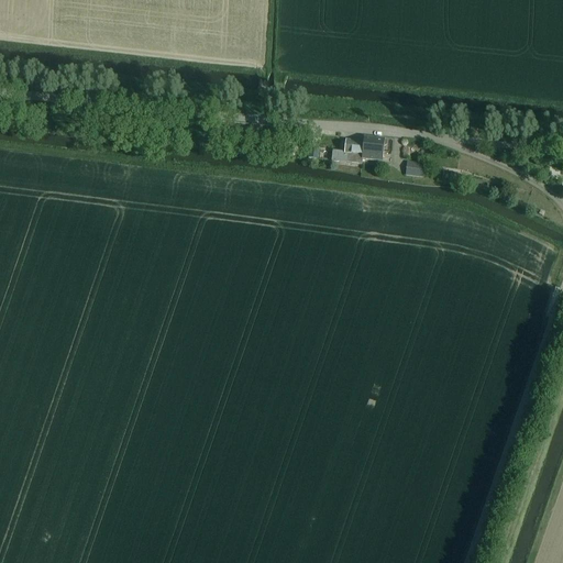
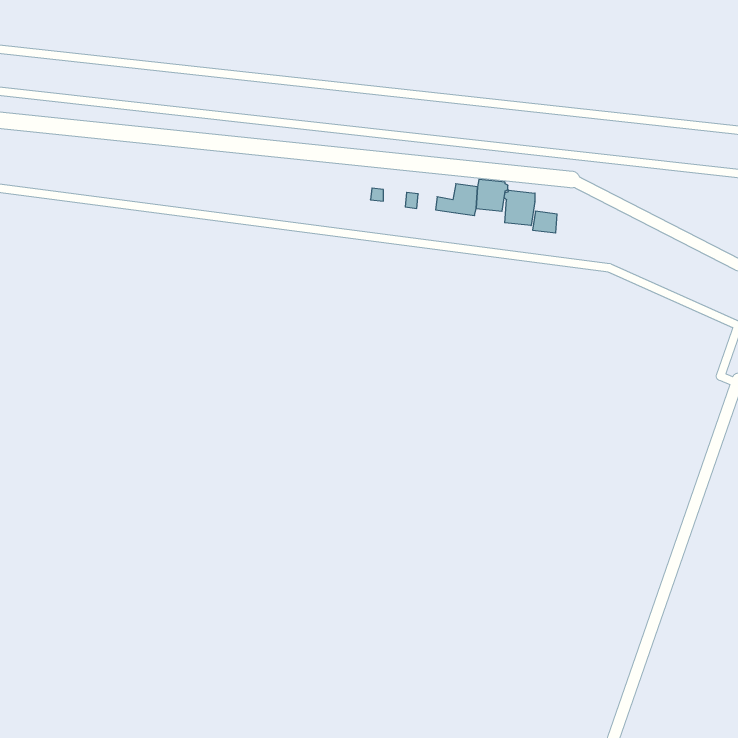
building: none -> [504,190,535,226]

